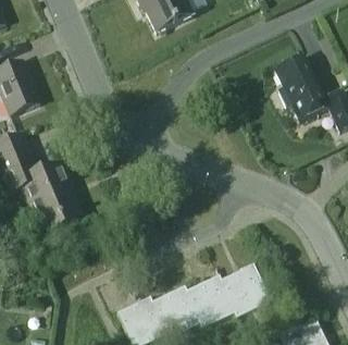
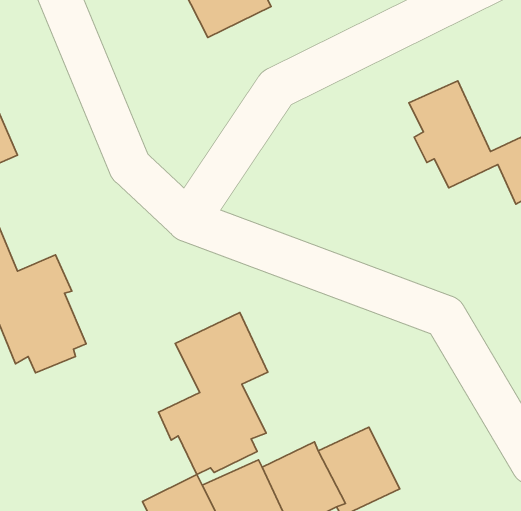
building: none -> [158,313,268,474]

